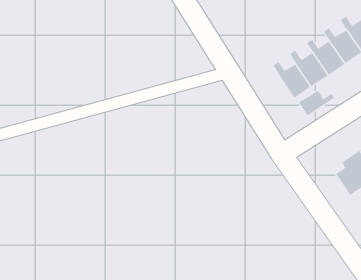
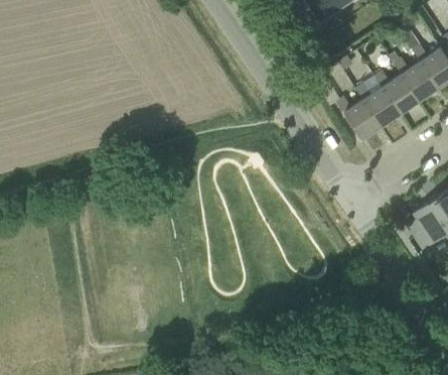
building: [298,90,335,116] -> none

